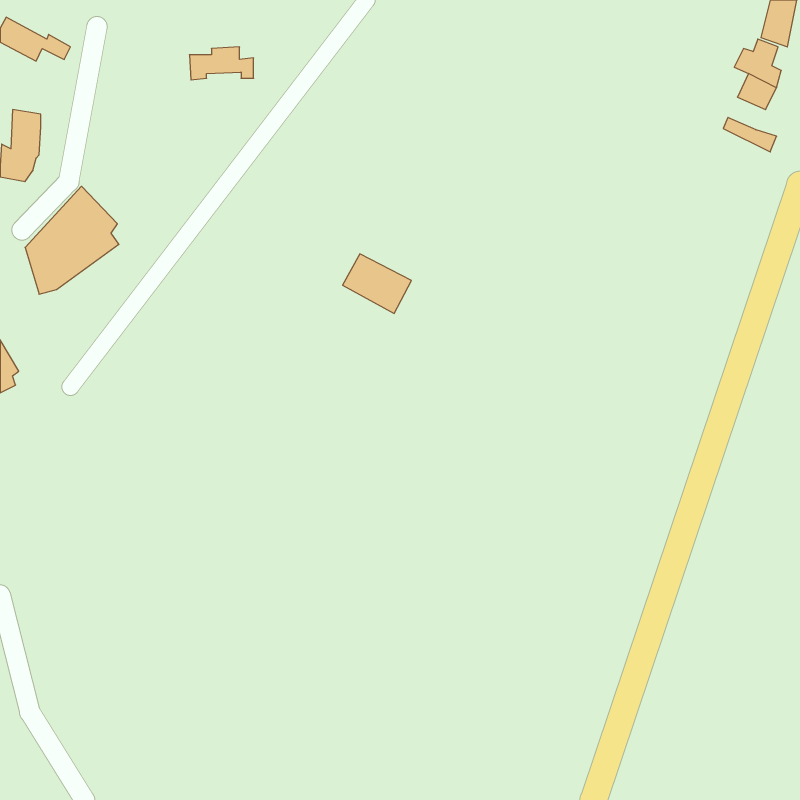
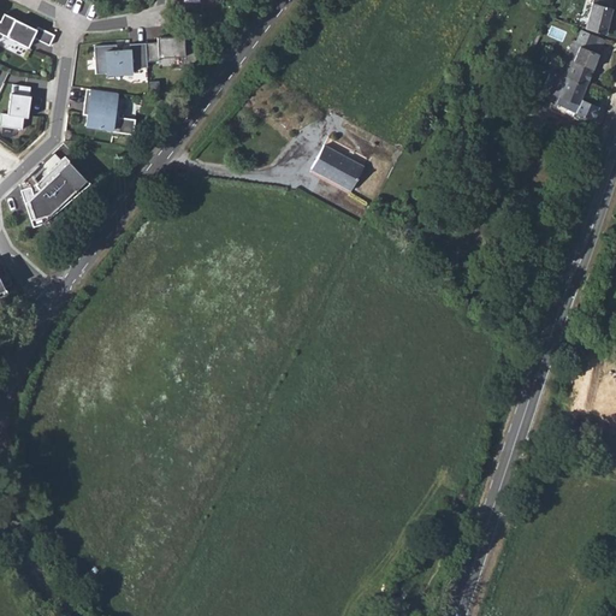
building: none -> [94,42,147,73]
building: none -> [552,71,588,100]
building: none -> [83,89,135,135]
building: [343,254,411,313] -> [310,146,363,191]

